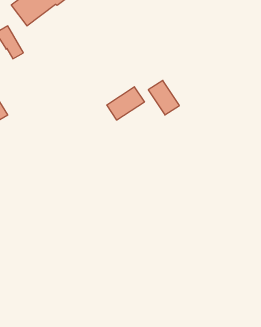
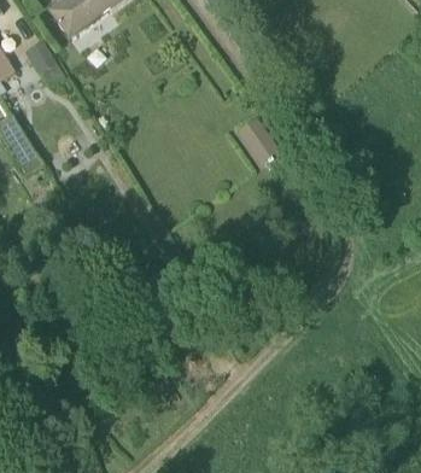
building: [107,87,144,120] -> none

